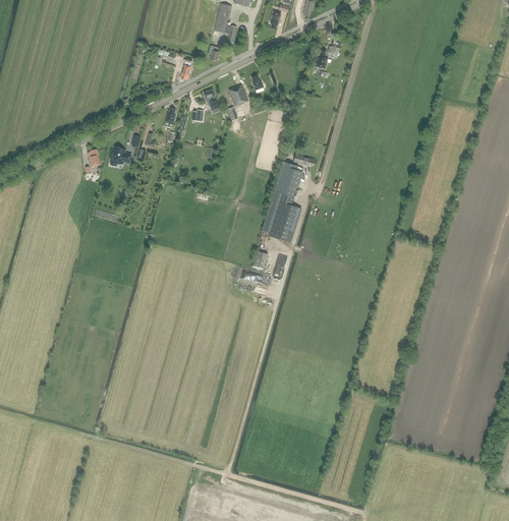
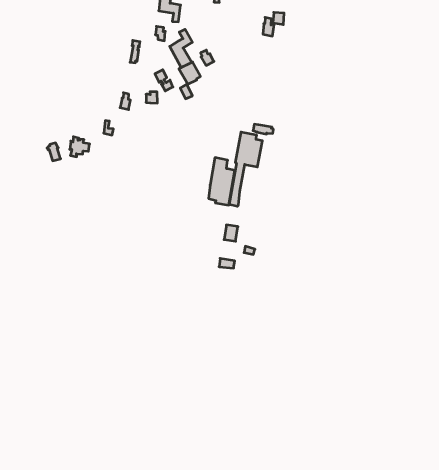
building: none -> [170,29,192,68]
building: [270,192,299,241] -> [209,158,235,205]

